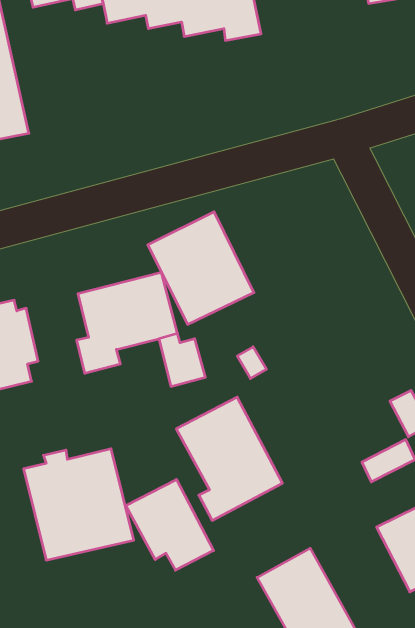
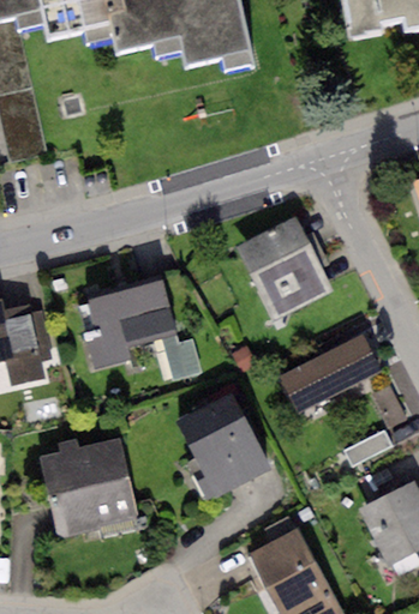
building: [148,212,254,324] -> [235,217,331,319]
building: none -> [280,336,381,413]
building: [126,479,214,570] -> none

